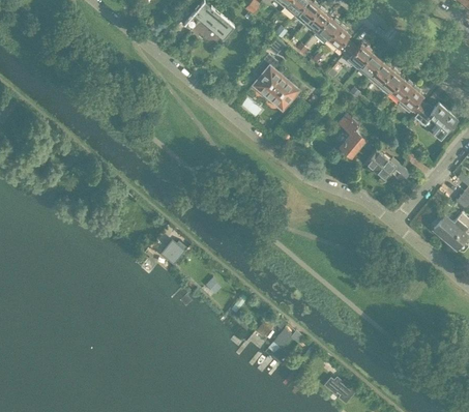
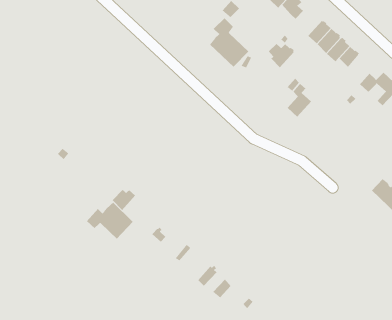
building: [344,45,372,70] -> [268,43,295,68]
building: [399,87,424,116] -> none
building: [365,149,409,182] -> none
building: none -> [86,202,133,240]

